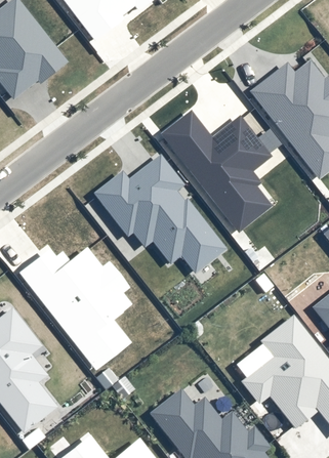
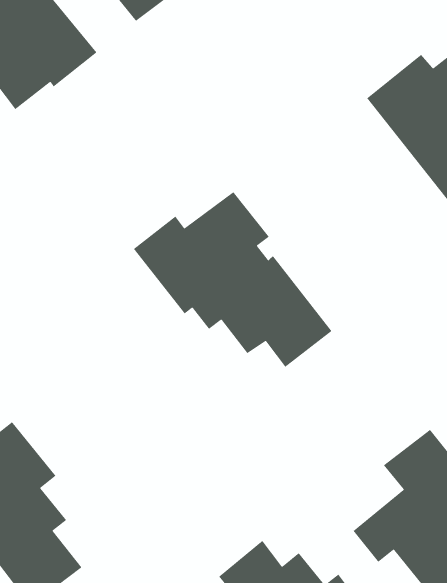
building: [161,110,273,233] -> none
building: [19,247,131,370] -> none

